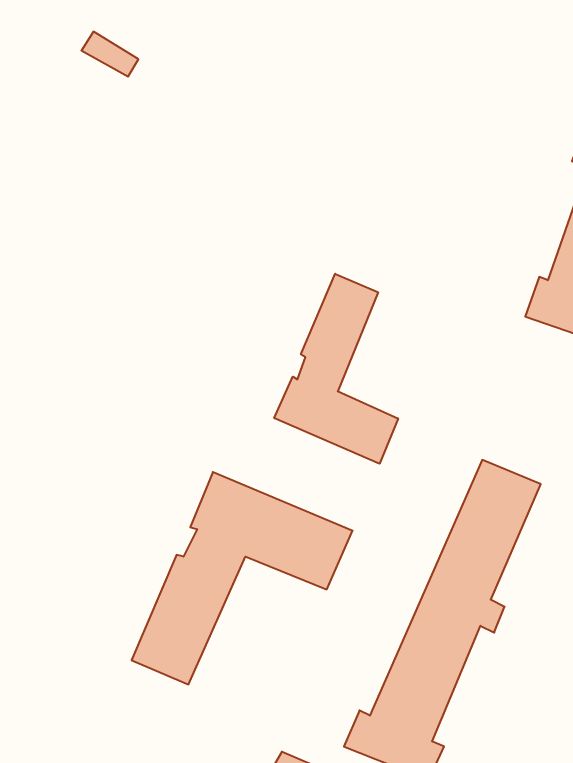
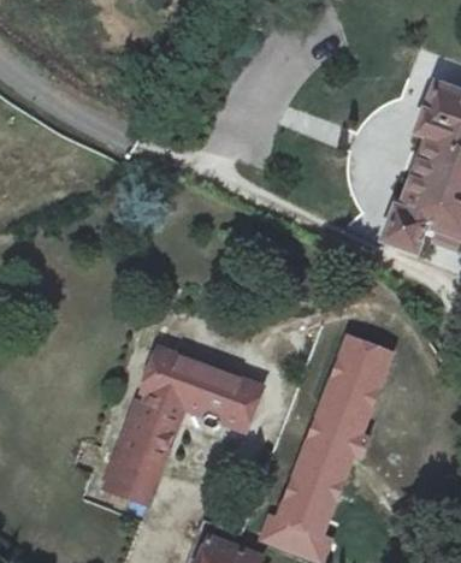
building: [274,274,398,464] -> none

